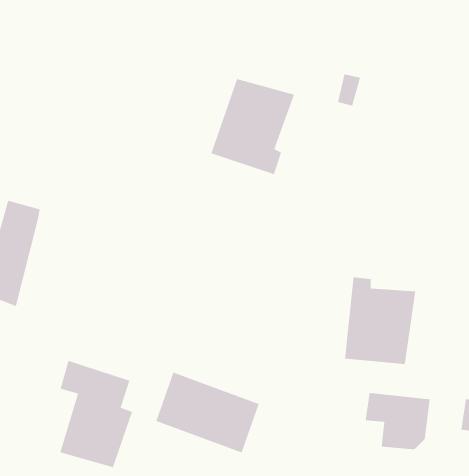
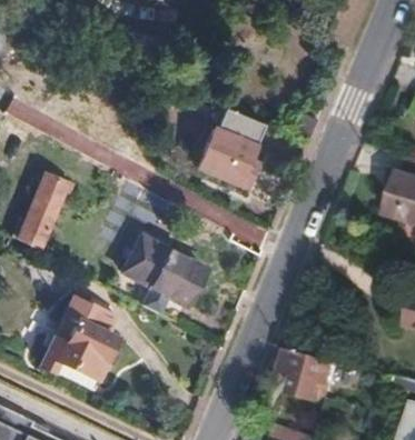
building: [344,277,416,365] -> none
building: [156,372,259,453] -> [123,238,201,304]

